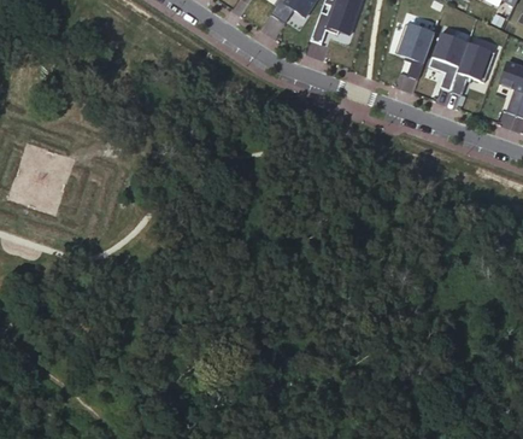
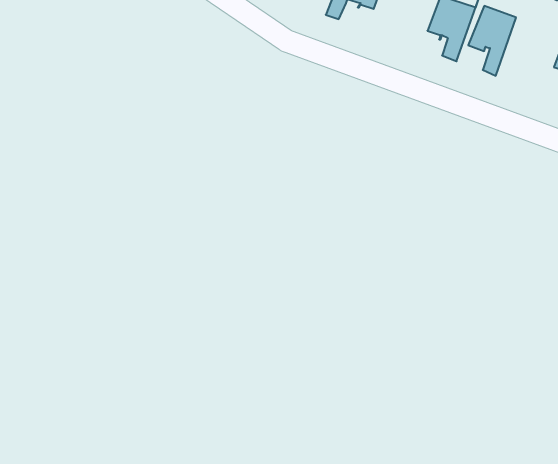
building: [451,41,495,93] -> none

